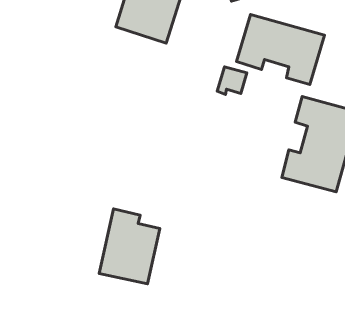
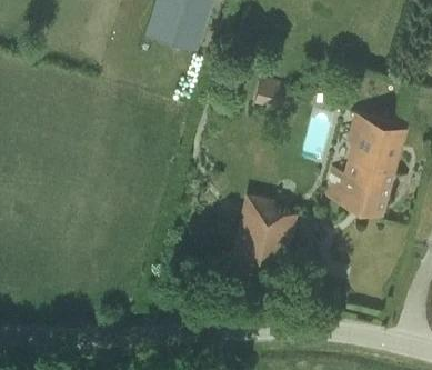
building: [236,14,324,85] -> none
building: [99,209,160,284] -> [232,193,298,274]

